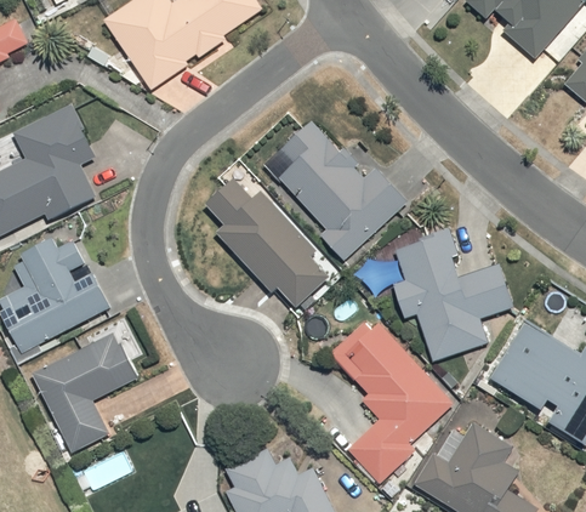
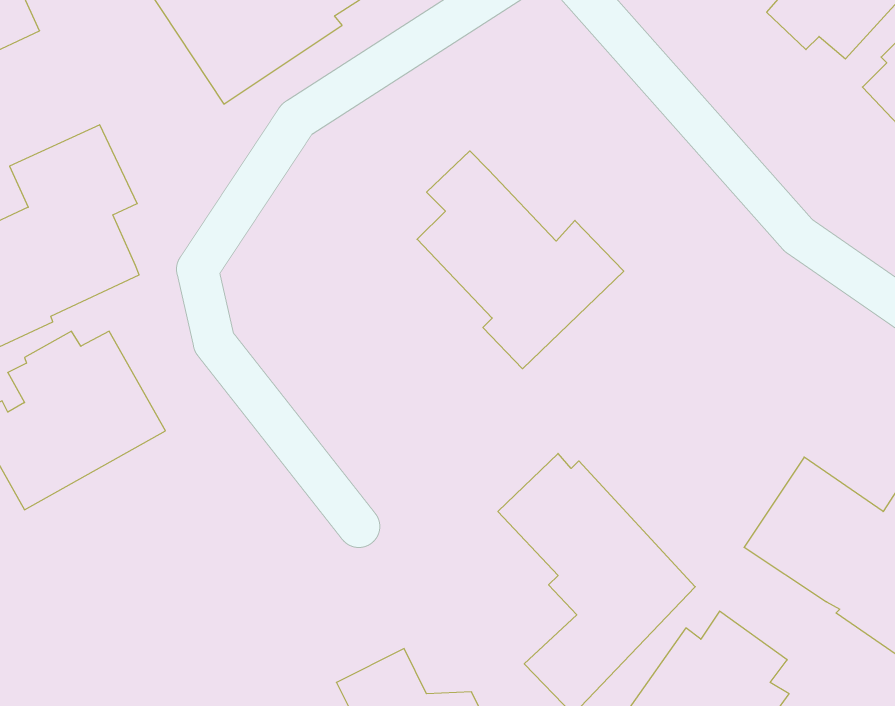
building: [205,155,331,303] -> none
building: [396,232,512,359] -> none
building: [33,336,138,449] -> none

